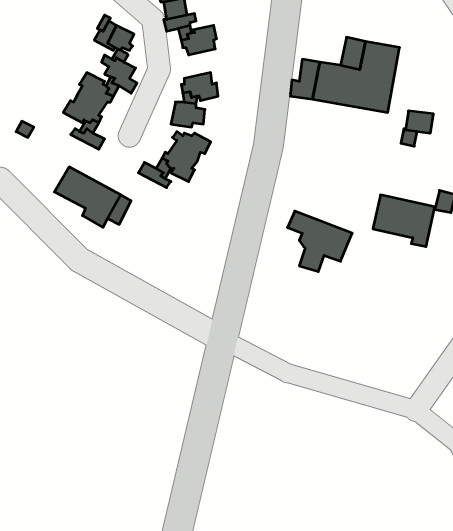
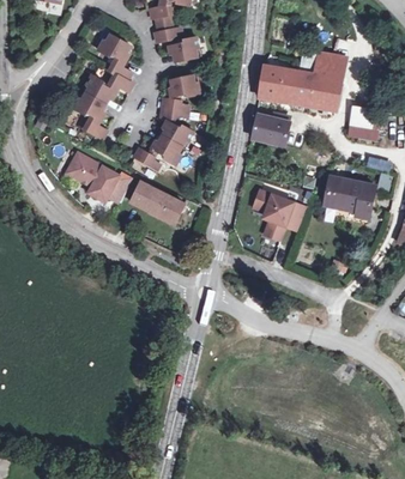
building: none -> [255,114,289,145]
building: none -> [131,181,185,223]

